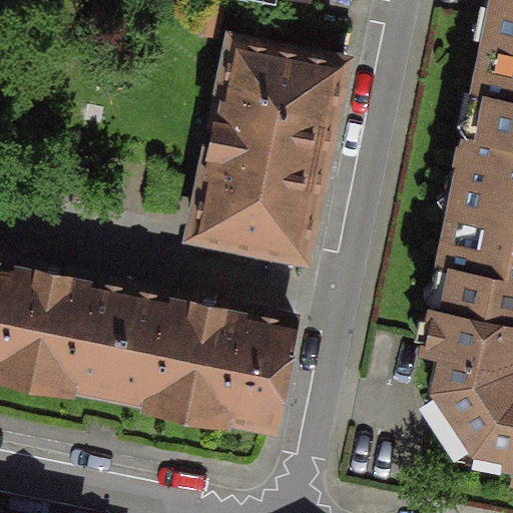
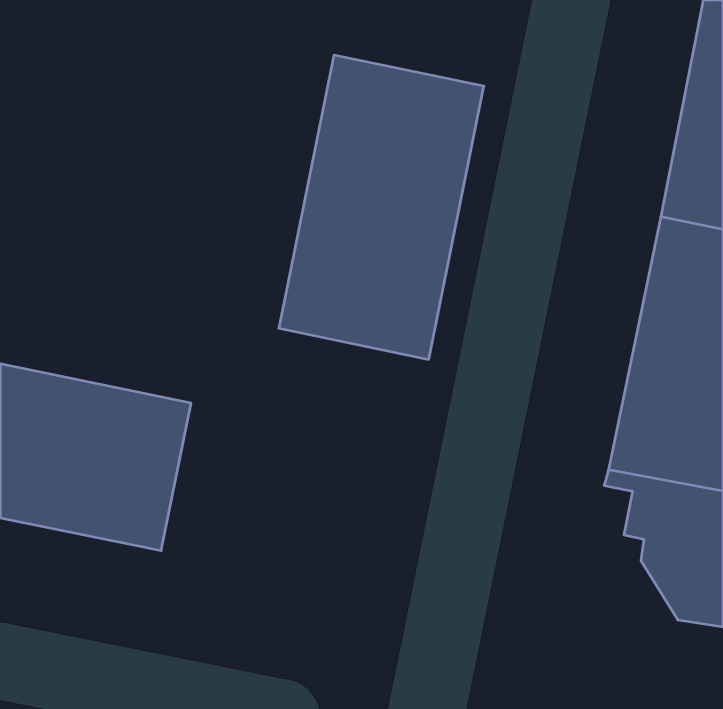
building: [114,296,292,432] -> none

